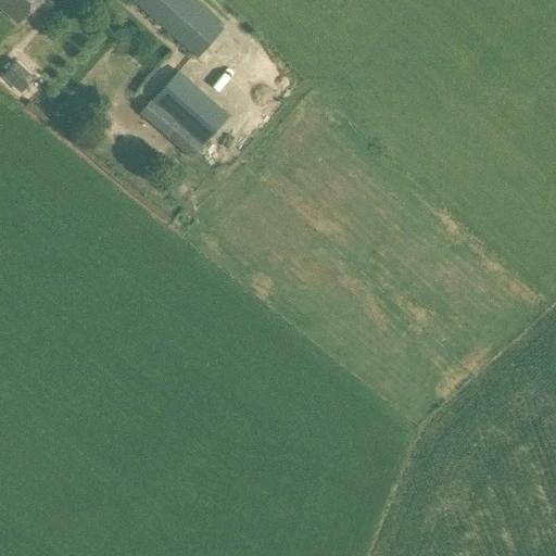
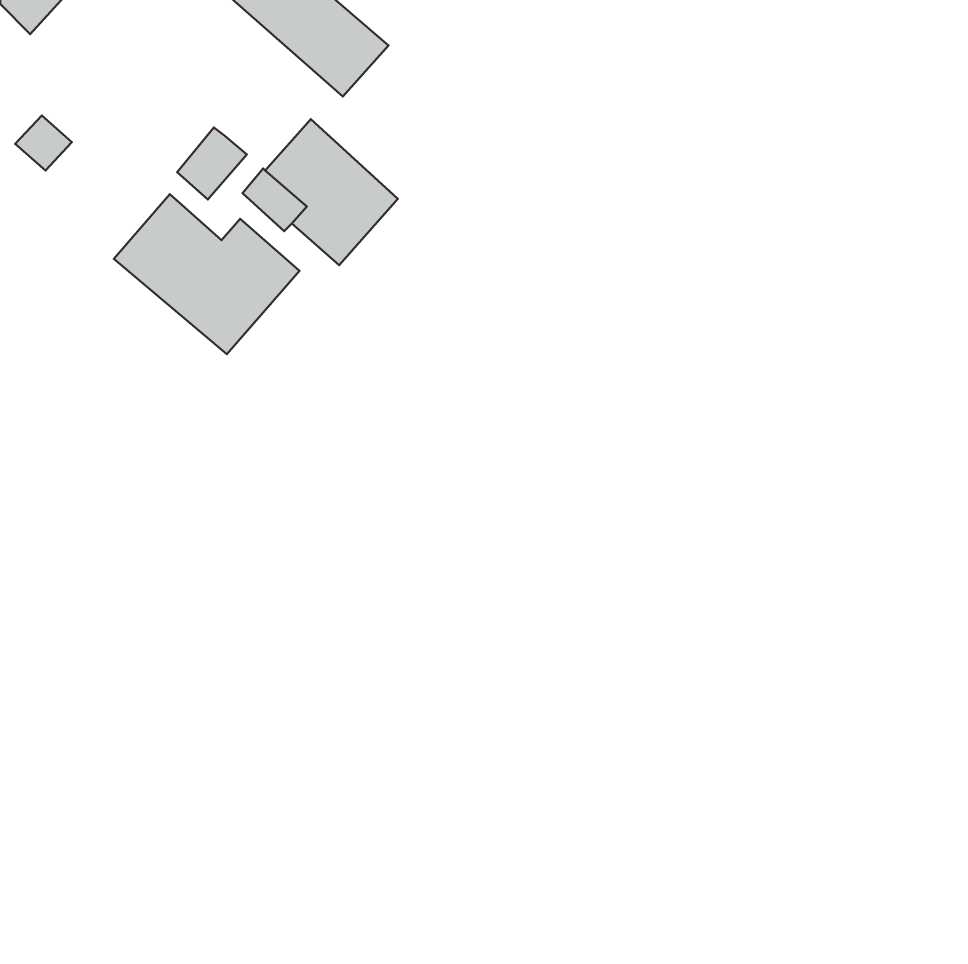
building: none -> [177,127,247,200]
building: none -> [114,194,299,354]

